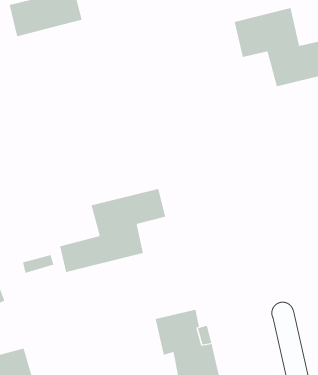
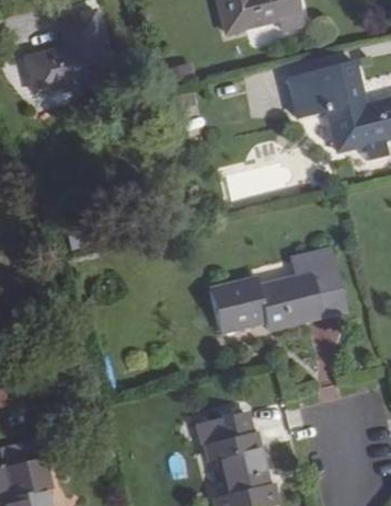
building: none -> [208,246,347,332]
building: [60,188,166,273] -> none

